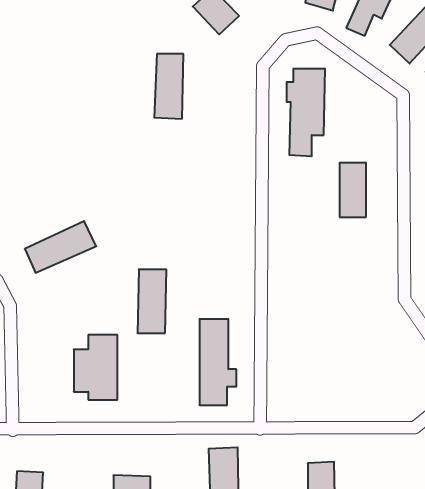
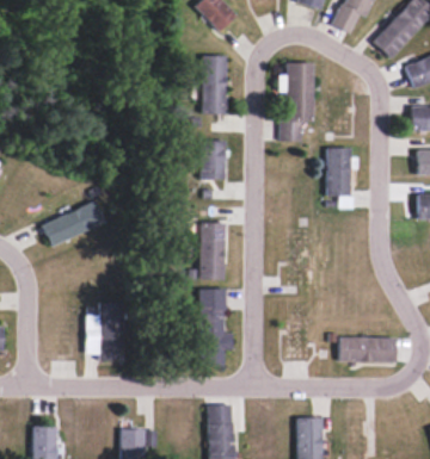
building: [154,54,183,119] -> [199,56,226,114]
building: none -> [199,141,225,179]
building: [137,269,166,333] -> [199,223,226,280]
building: none -> [338,337,397,362]

